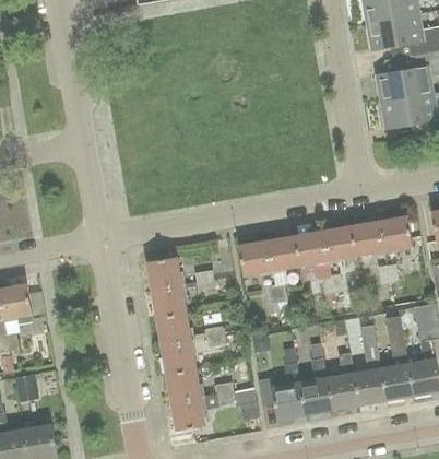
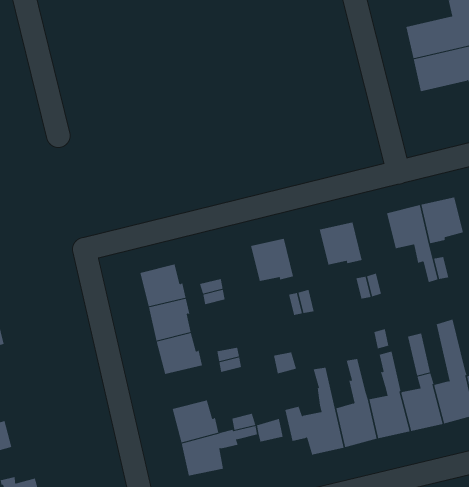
building: [323,226,356,263] -> none
building: [266,236,300,273] -> none
building: [162,341,195,375] -> none

